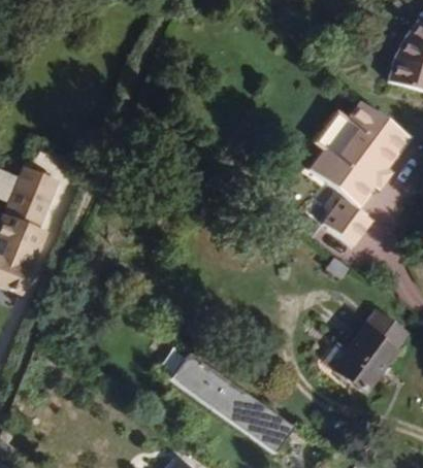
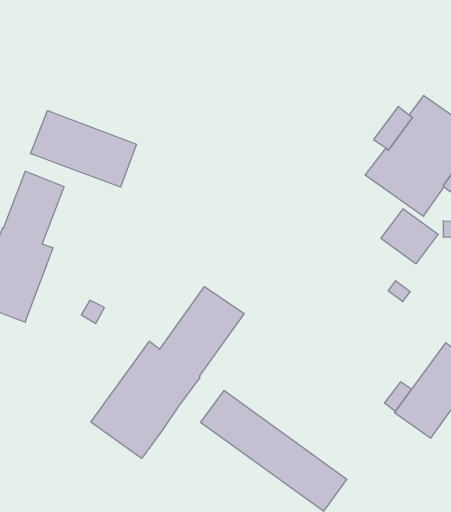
building: none -> [30,111,136,187]
building: none -> [91,287,244,458]

